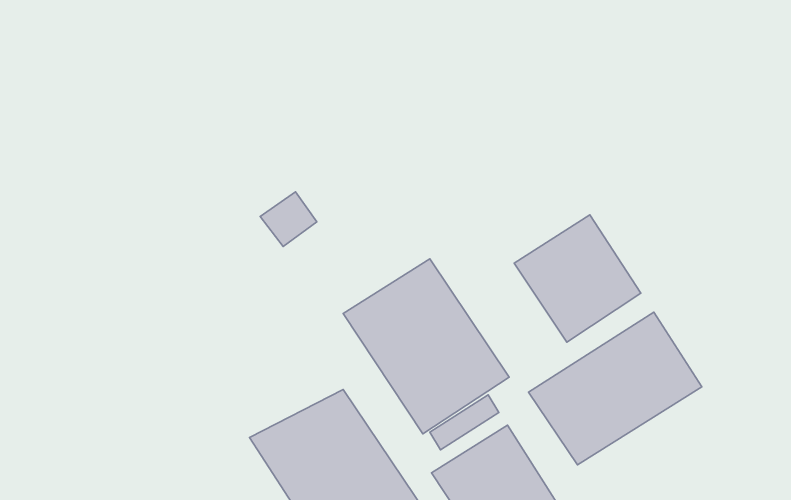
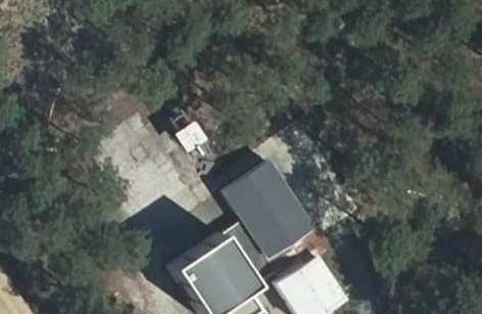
building: [514,215,641,342] -> none
building: [528,312,702,465] -> none

